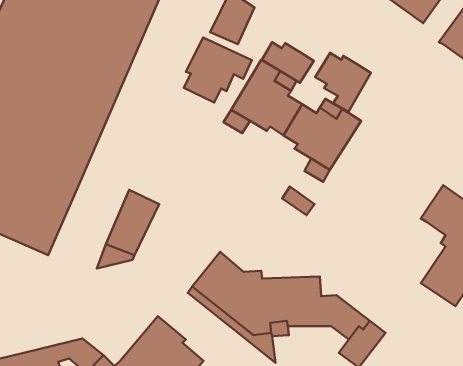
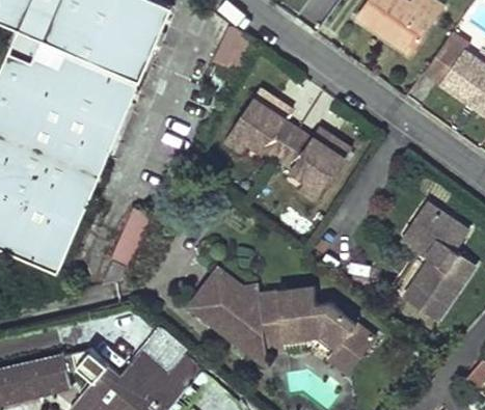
building: [184,38,252,103] -> none
building: [262,42,314,83] -> none
building: [315,53,371,112] -> none

